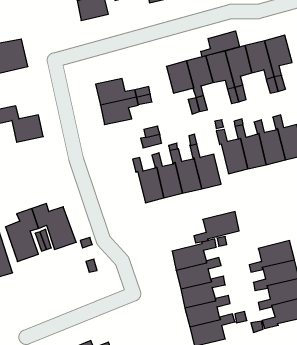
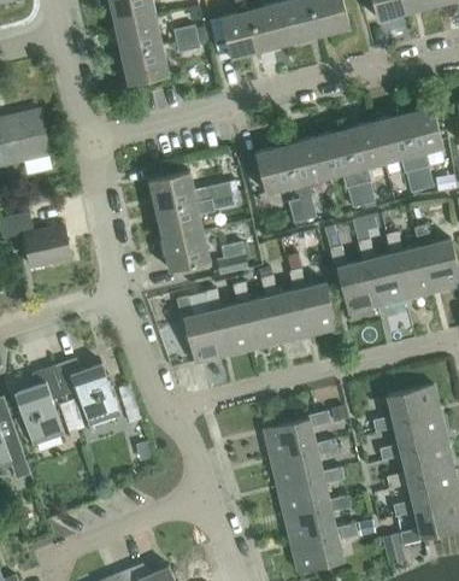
building: [201,31,240,57] -> none
building: none -> [163,231,210,270]
building: none -> [176,297,224,364]
building: [194,212,239,243] -> [372,385,440,432]

